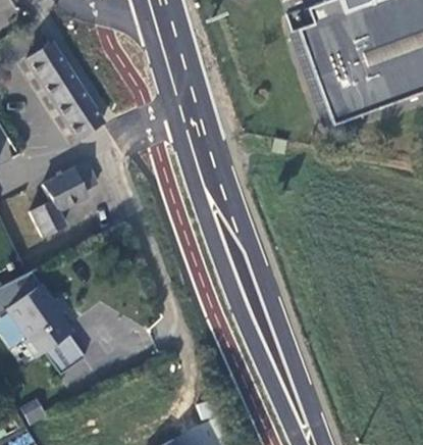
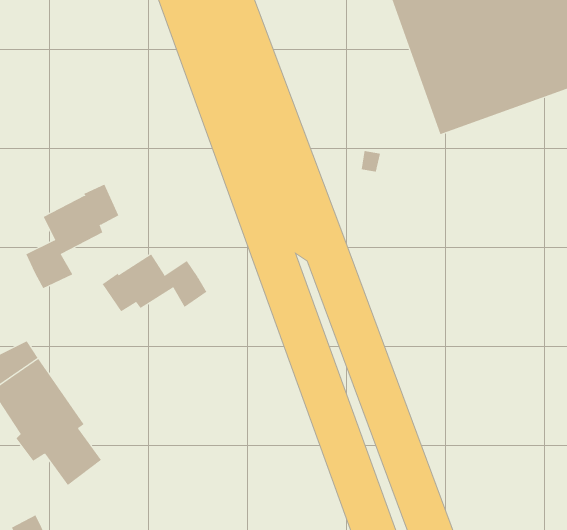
building: [28,43,104,139] -> none
building: none -> [102,254,207,312]

